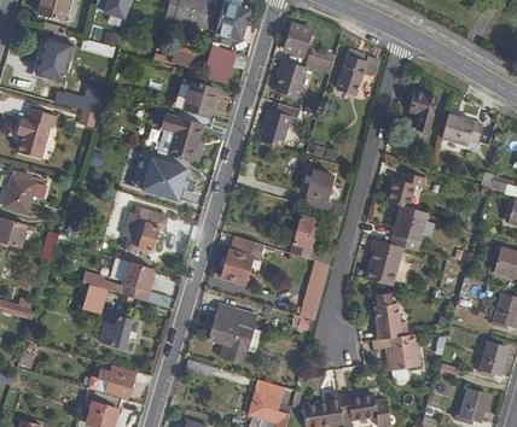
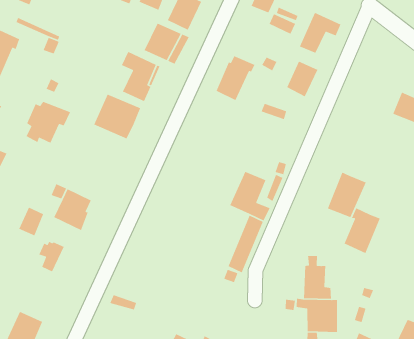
building: [275,60,306,96] -> [286,61,319,97]
building: [407,89,436,128] -> none
building: [303,169,333,212] -> none
building: [387,169,424,205] -> none
building: [123,206,167,250] -> [26,101,71,144]
building: [221,235,262,283] -> none
building: [367,238,401,283] -> [343,207,381,254]
building: [209,303,263,363] -> none
building: [99,363,135,397] -> none

